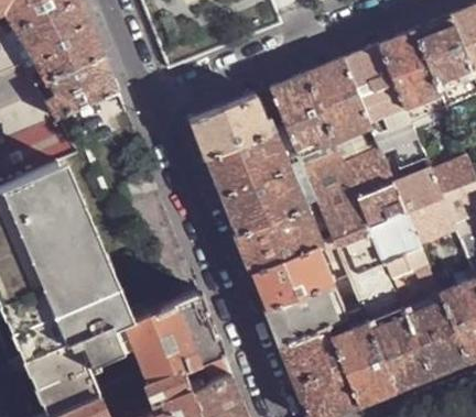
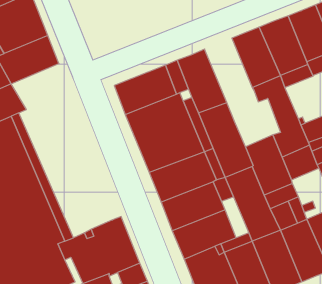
building: [304,62,368,145] -> none
building: [343,154,392,202] -> none

